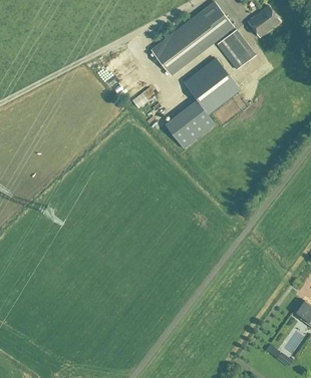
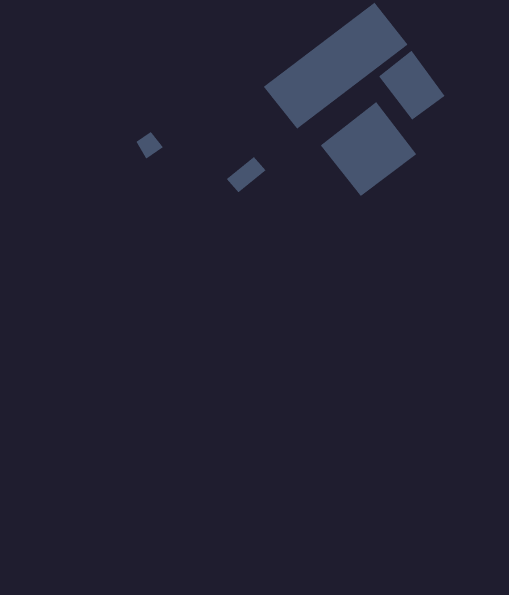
building: [247,5,280,37] -> none
building: [164,99,214,147] -> none

